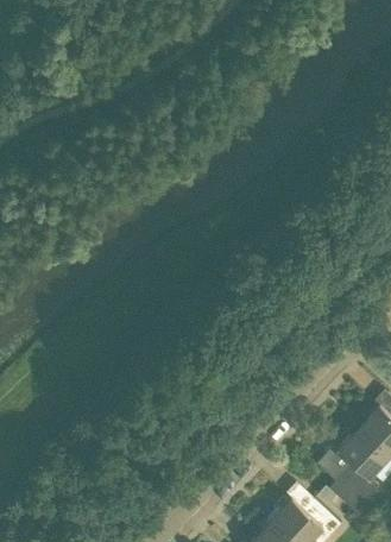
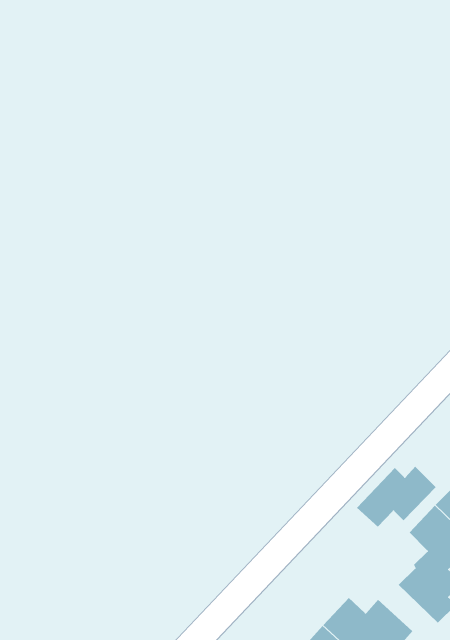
building: none -> [356,466,436,528]

